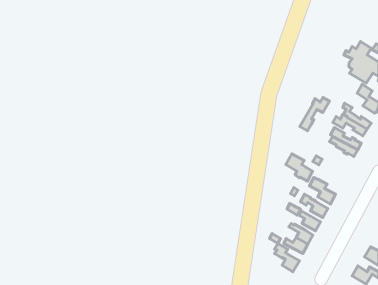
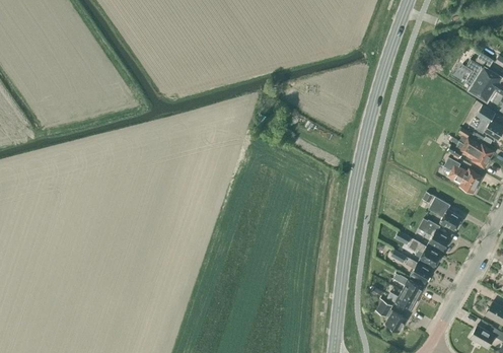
building: [300,97,329,131] -> none
building: [286,154,313,181] -> [429,197,461,230]

